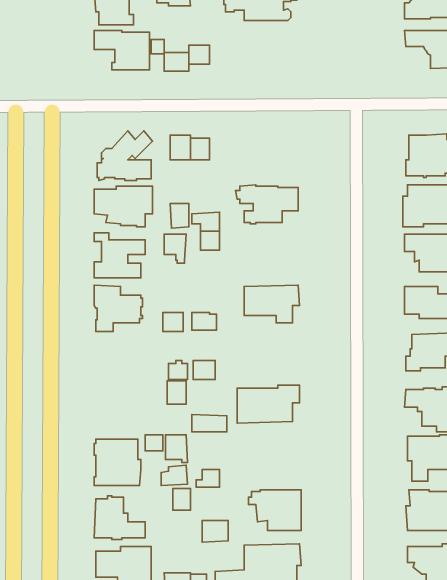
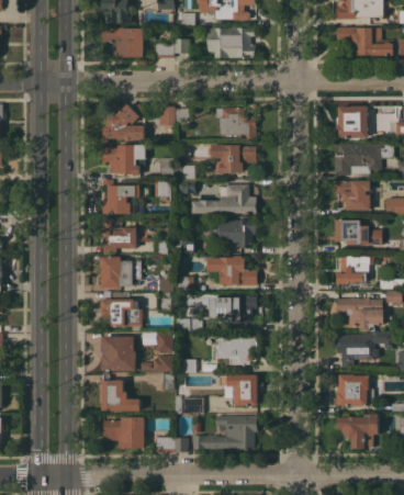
building: none -> [200,27,255,57]
building: none -> [215,108,256,139]
building: none -> [205,184,256,214]
building: none -> [206,256,256,285]
building: none -> [101,257,141,288]
building: none -> [99,292,142,326]
building: none -> [215,337,256,364]

